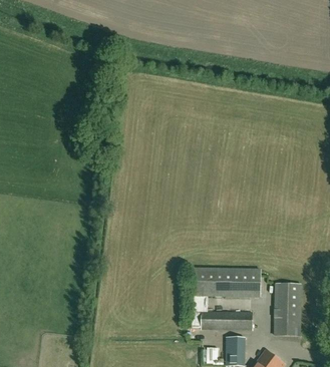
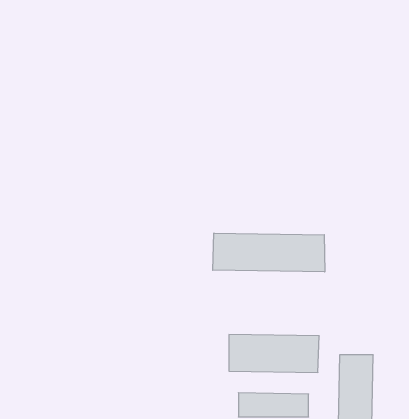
building: none -> [213,233,325,272]

